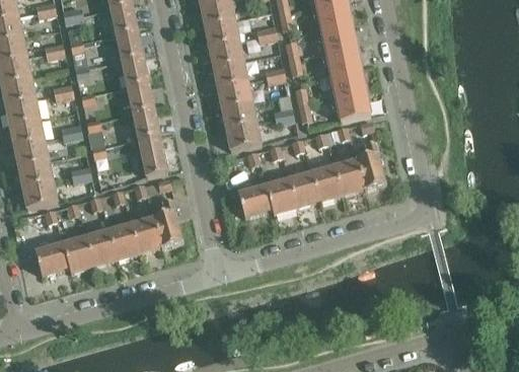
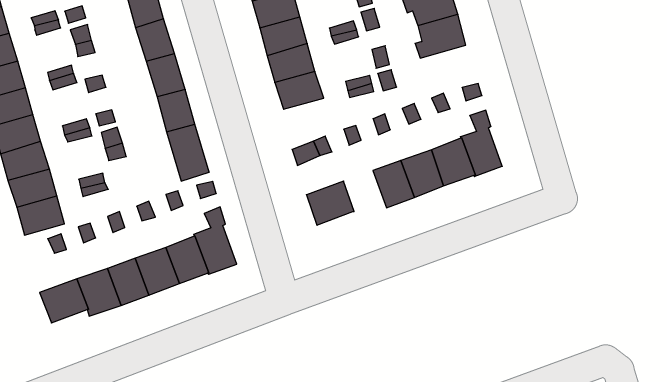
building: [330,90,370,120] -> none
building: [226,122,261,149] -> none
building: [267,178,297,213] -> none

